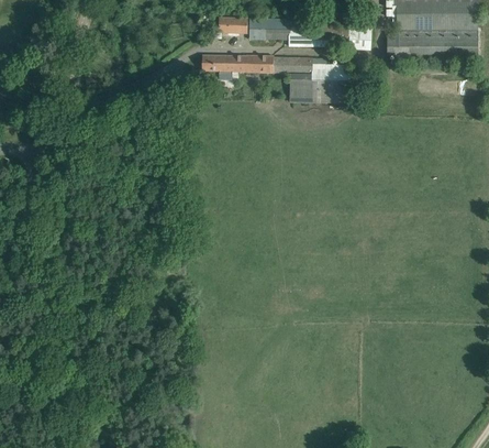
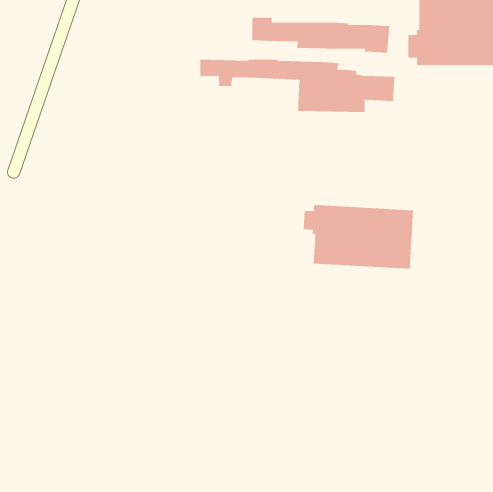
building: [216,17,245,32] -> none
building: none -> [303,204,414,270]

